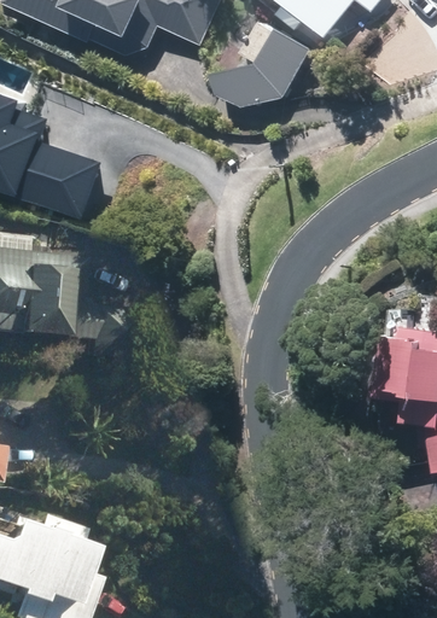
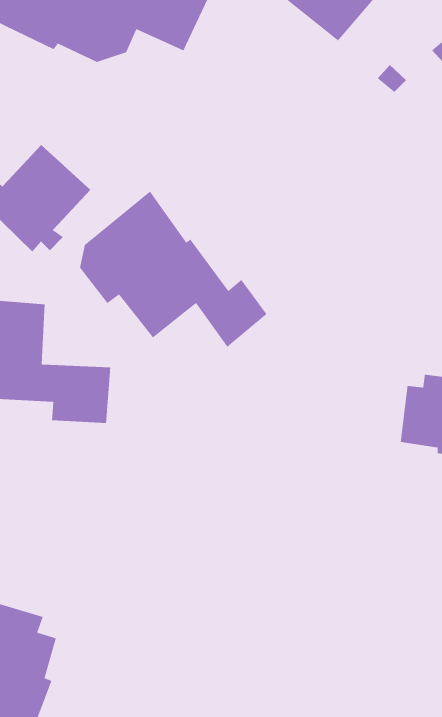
building: [222,25,317,106] -> none
building: none -> [79,190,267,348]

